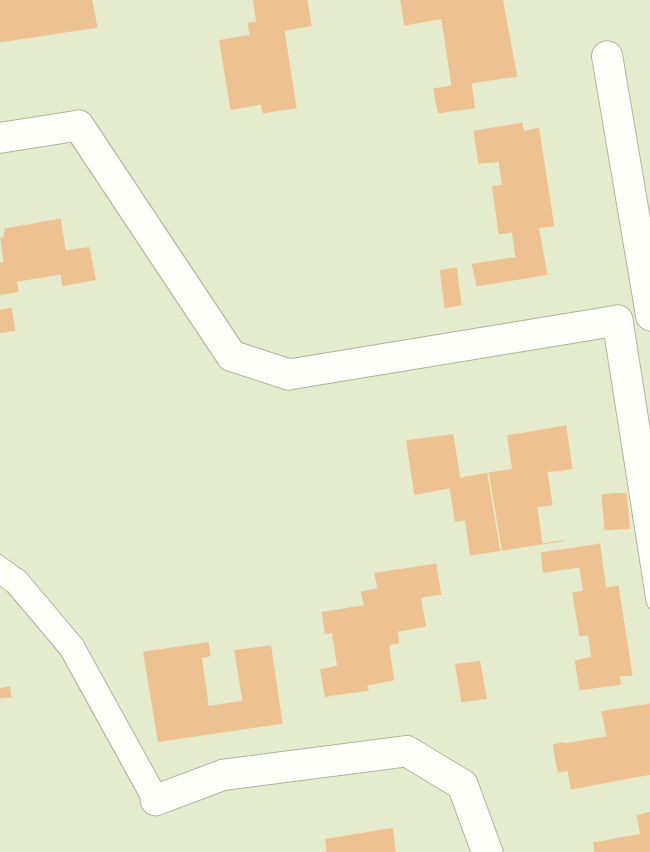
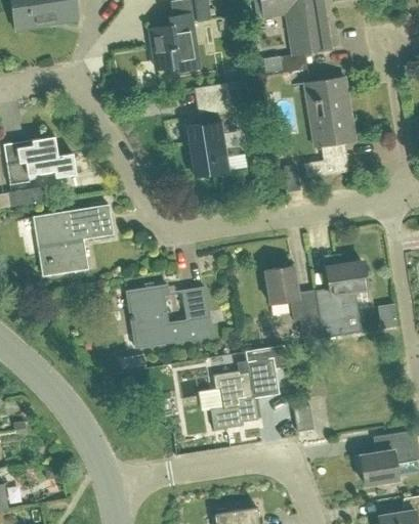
building: none -> [185,83,235,176]
building: none -> [33,205,113,275]
building: [540,543,633,691] -> none
building: [142,641,284,742] -> [125,286,211,347]

